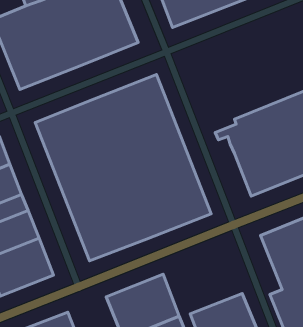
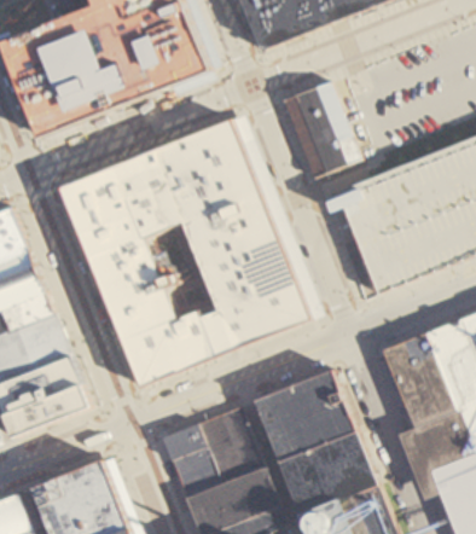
building: none -> [279,80,359,179]
building: none -> [260,370,359,462]

